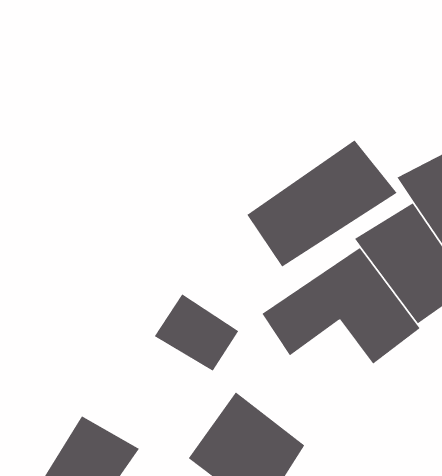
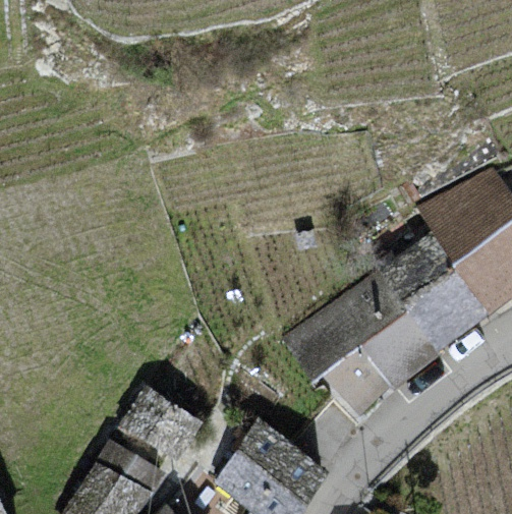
building: [246,140,397,268] -> none
building: [154,294,239,372] -> [118,385,202,461]

